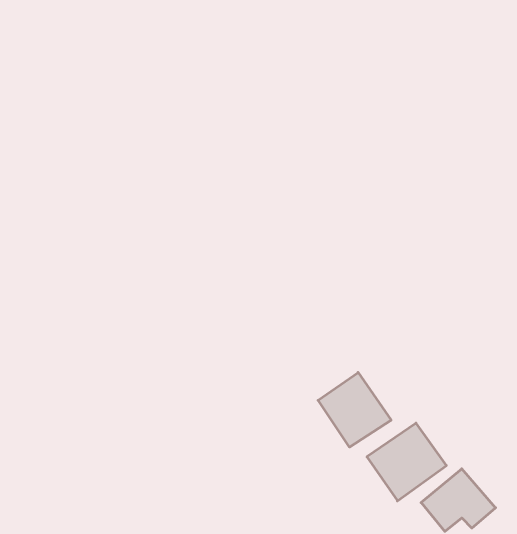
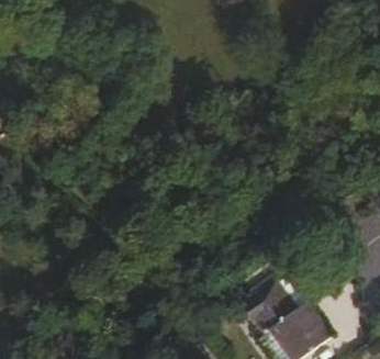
building: [318,372,391,447] -> none

